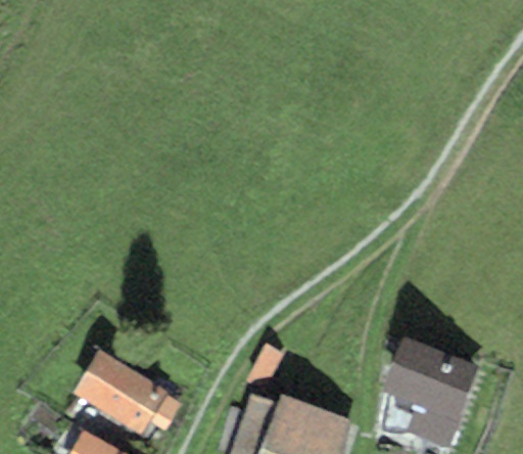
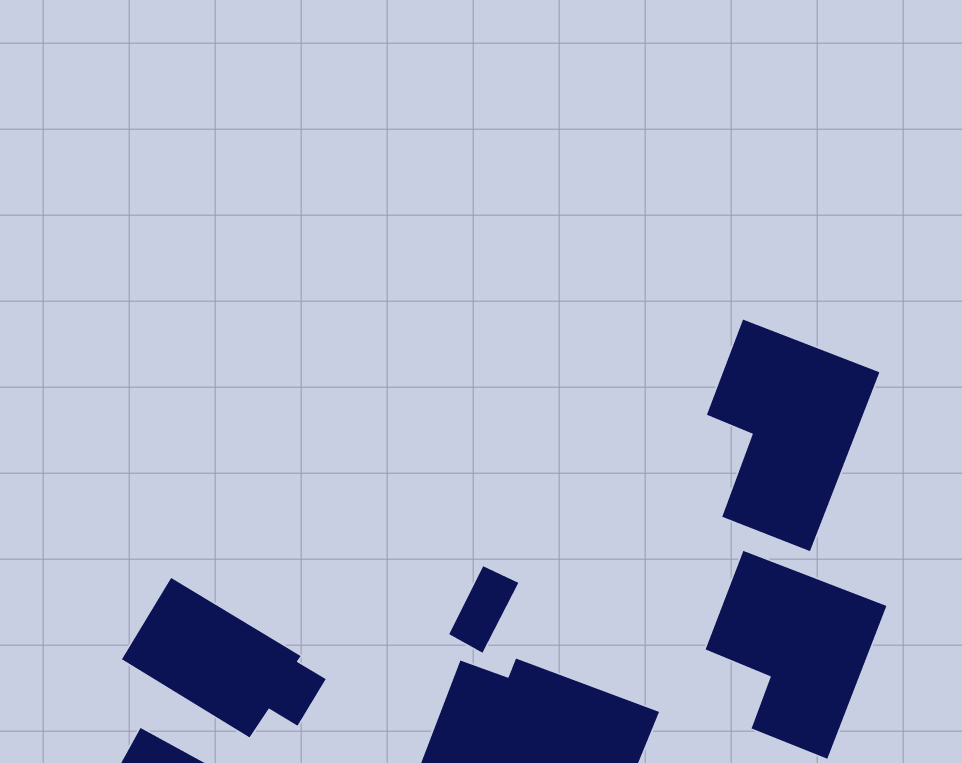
building: none -> [706,318,880,552]

